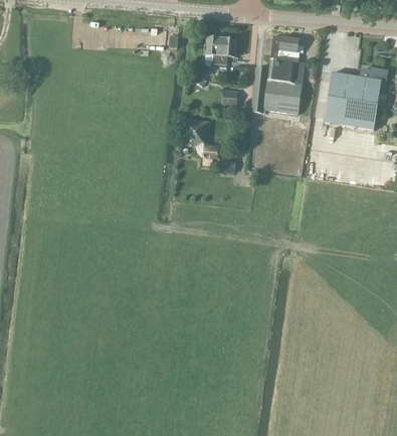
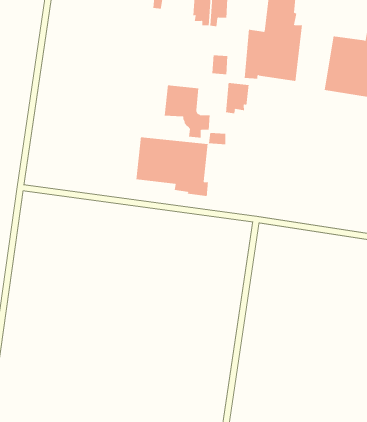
building: none -> [226,82,249,114]
building: none -> [136,136,208,197]

